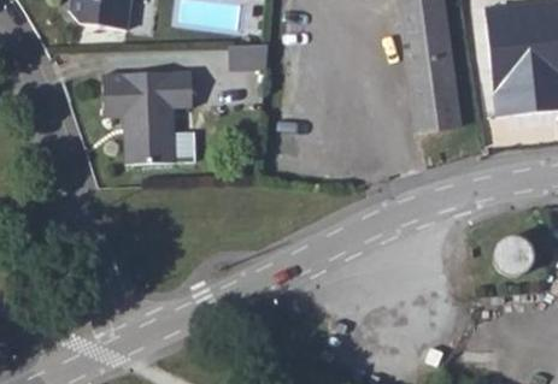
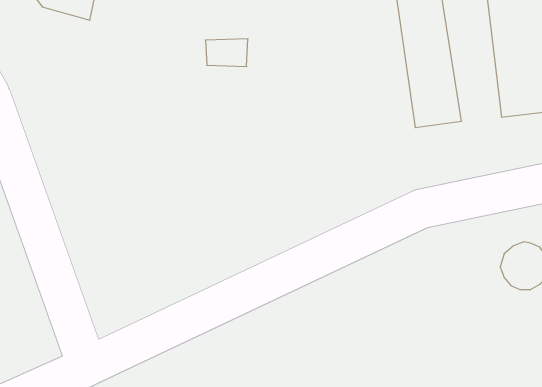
building: [99,71,190,164] -> none

